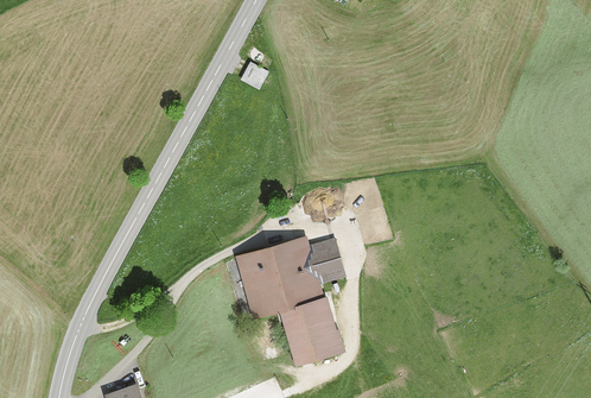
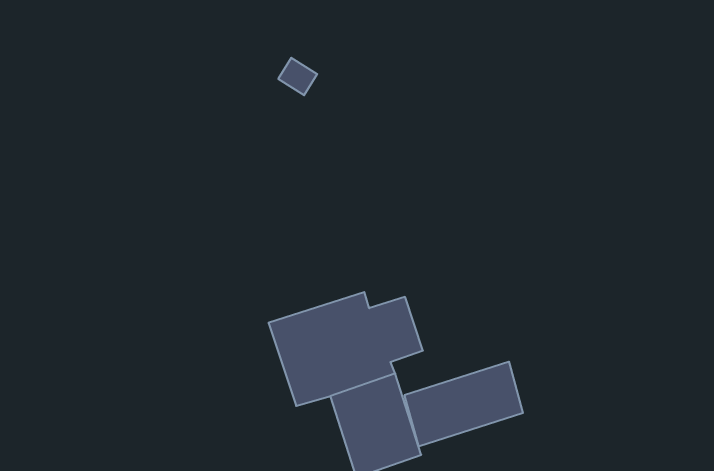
building: none -> [405,362,523,447]

